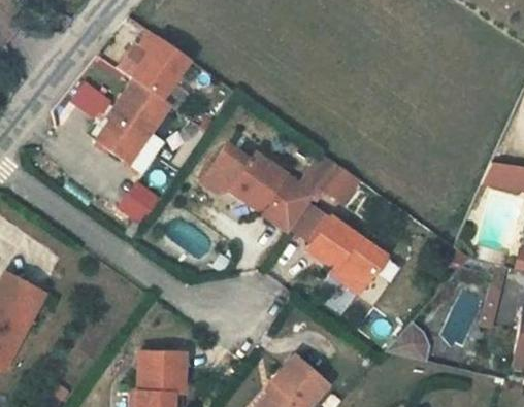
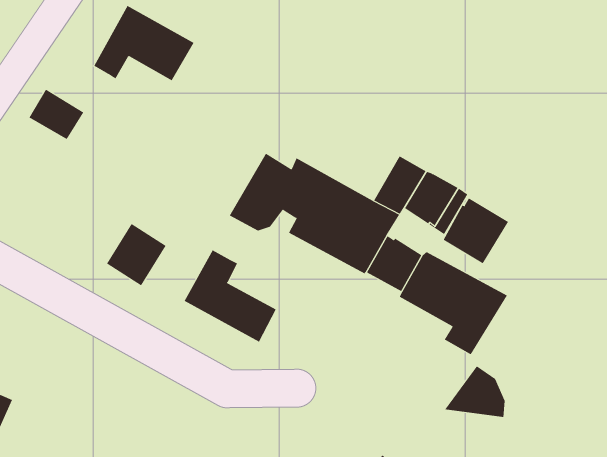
building: [98,68,189,173] -> none
building: none -> [443,197,509,264]
building: none -> [184,250,277,342]
building: [388,321,430,359] -> [444,366,506,418]

